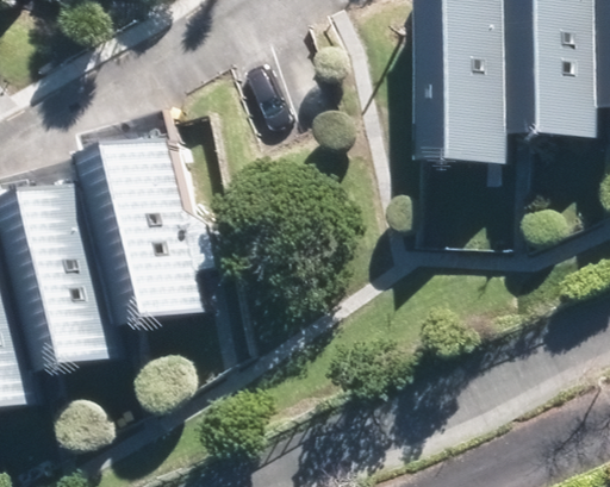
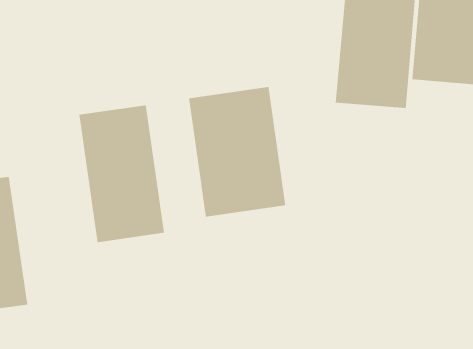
building: none -> [188,86,286,218]
building: [15,194,123,364] -> none

